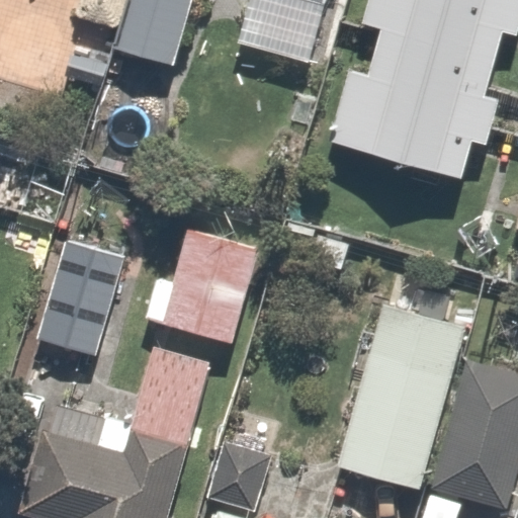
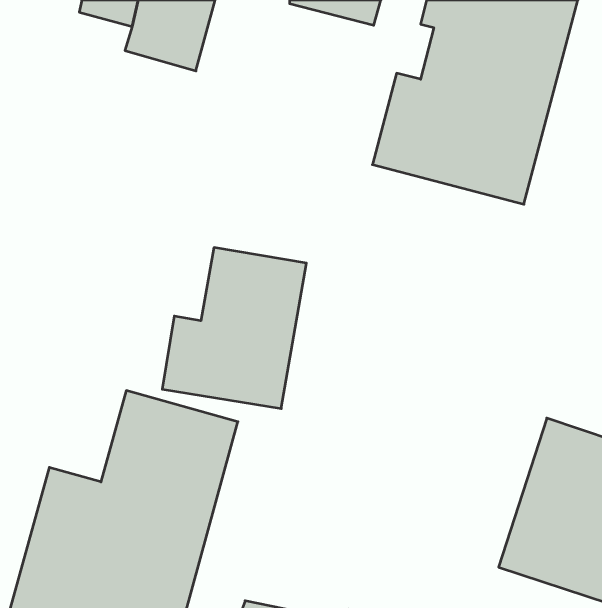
building: [38,233,132,359] -> none
building: [336,306,478,495] -> none

